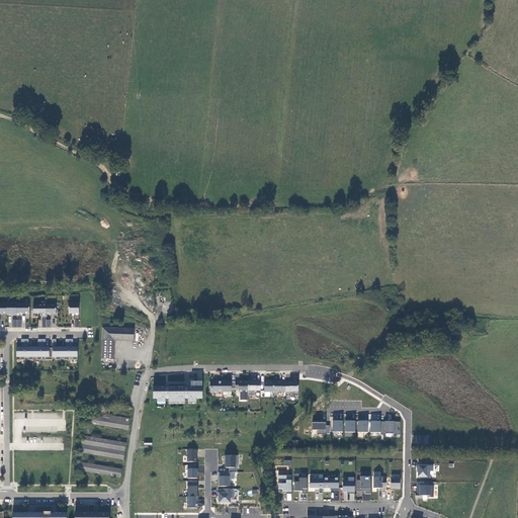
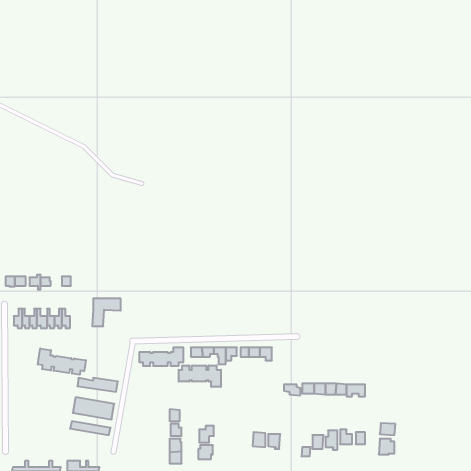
building: none -> [38,348,86,375]
building: none -> [179,365,221,387]
building: [310,474,339,492] -> none

